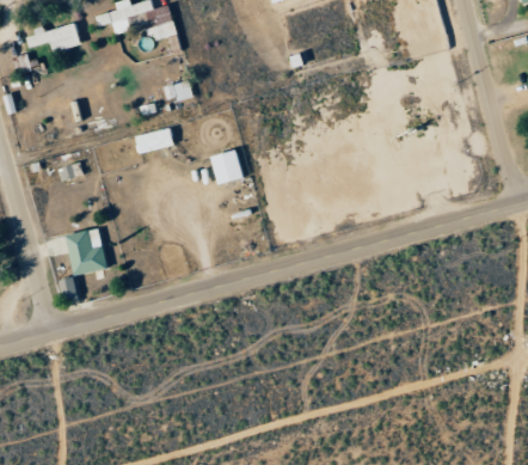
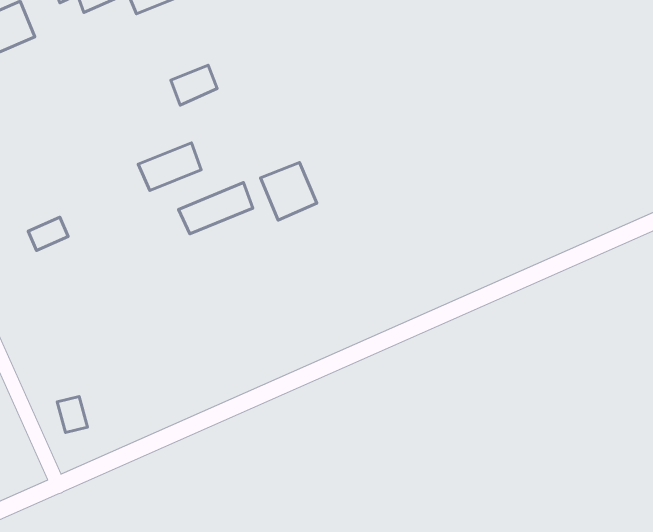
building: none -> [179,182,253,234]
building: [65,228,108,276] -> none

